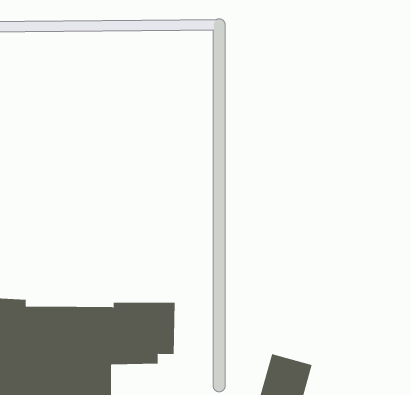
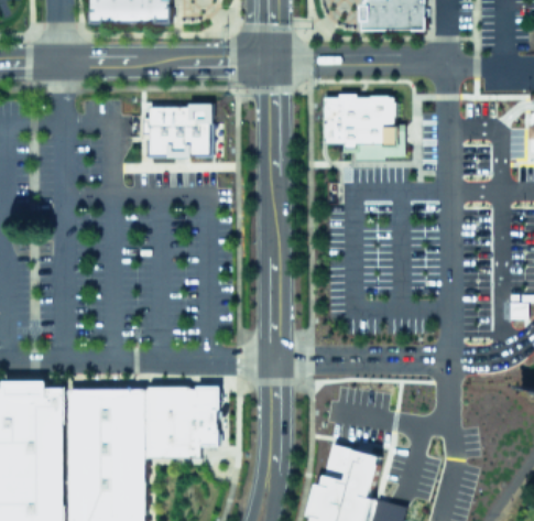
building: none -> [323,94,403,160]
building: none -> [145,106,208,156]

